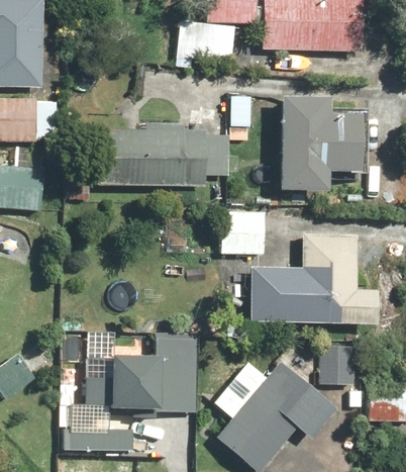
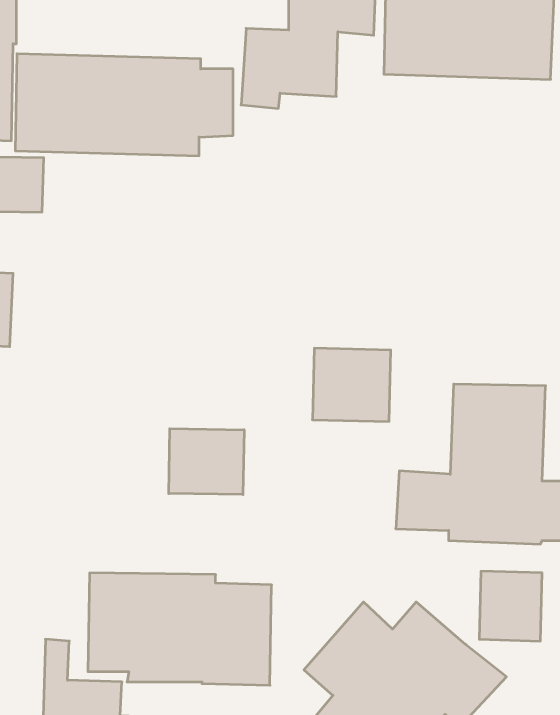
building: [278,95,363,192] -> none
building: [98,126,227,187] -> [15,54,233,156]
building: none -> [169,429,244,495]

